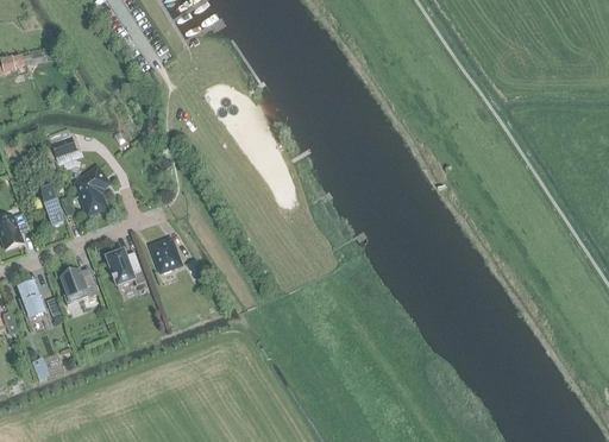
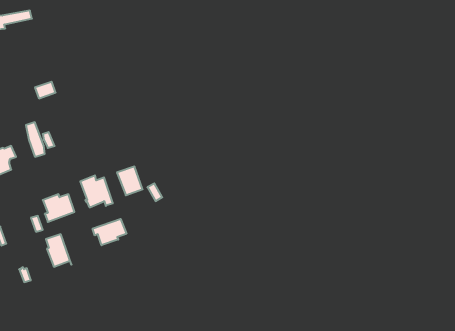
building: [79,169,107,213] -> none
building: [17,280,48,320] -> [46,234,72,267]
building: none -> [93,219,126,245]

